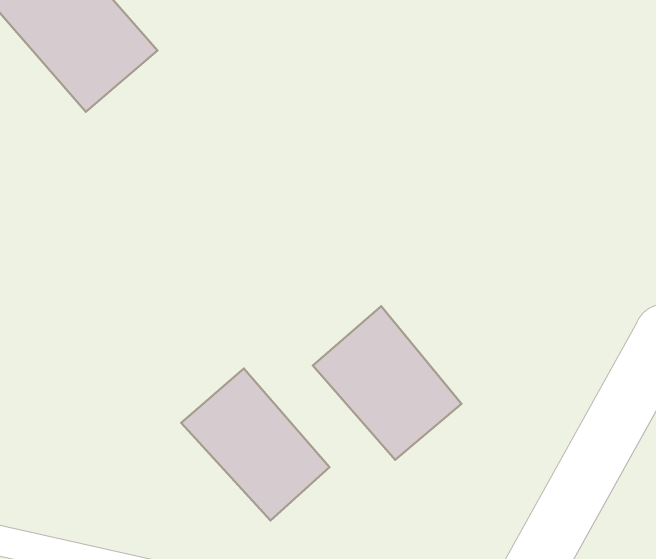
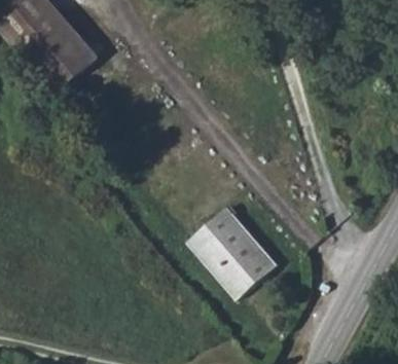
building: [181,369,329,521] -> none

